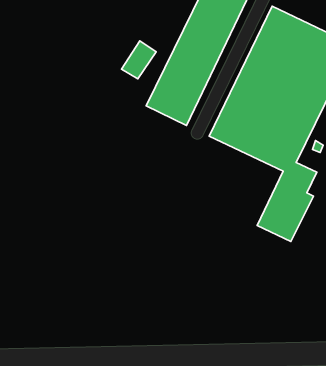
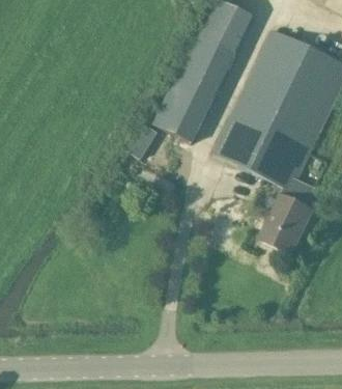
building: [121,41,156,79] -> [124,121,158,158]

